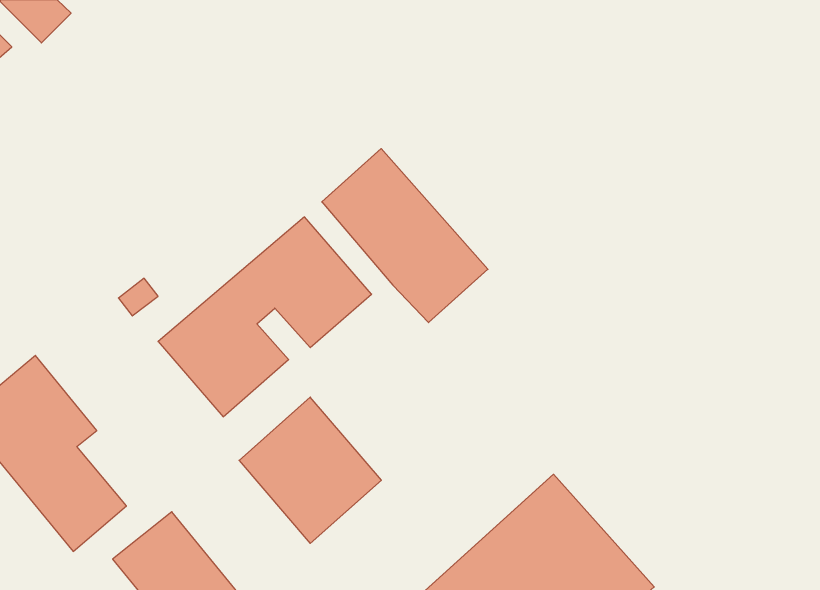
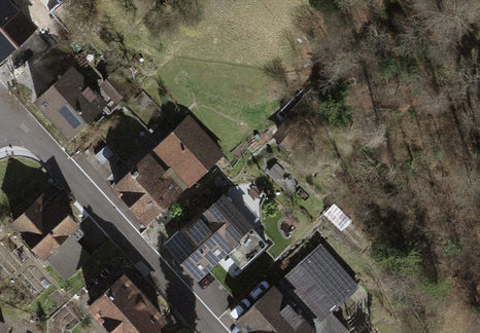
building: none -> [33,65,105,137]
building: [322,149,488,323] -> [190,183,276,273]

